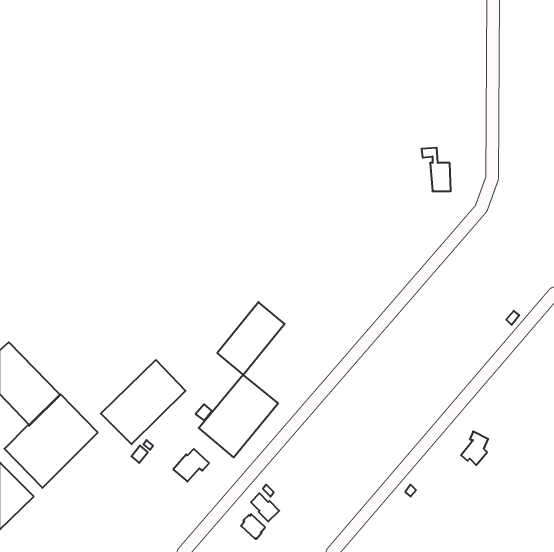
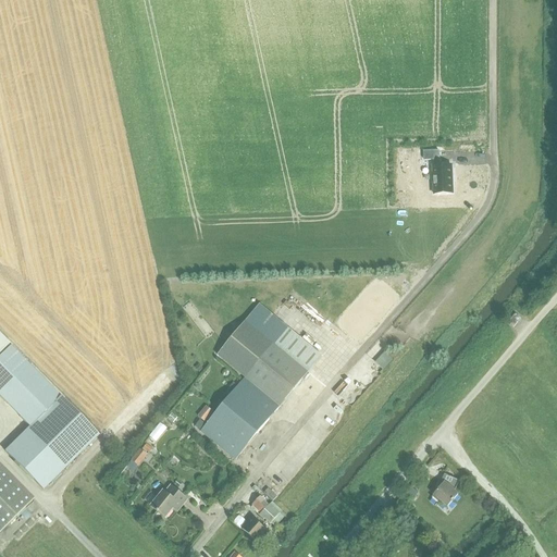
building: none -> [244,324,320,404]
building: [101,360,186,444] -> none
building: [461,431,488,465] -> [431,471,458,505]
building: [173,449,209,482] -> [151,484,187,517]

